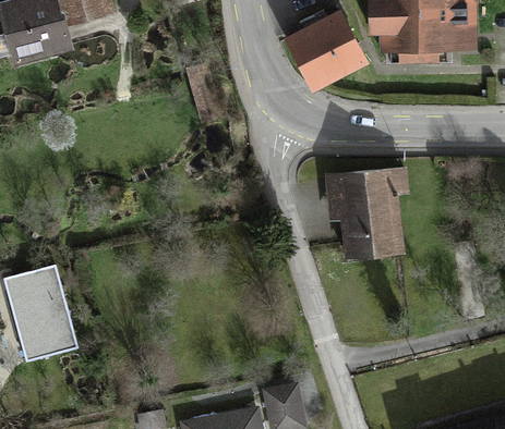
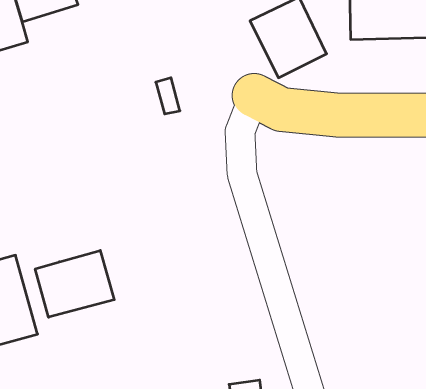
building: [322,169,405,255] -> none
building: none -> [35,250,114,317]

